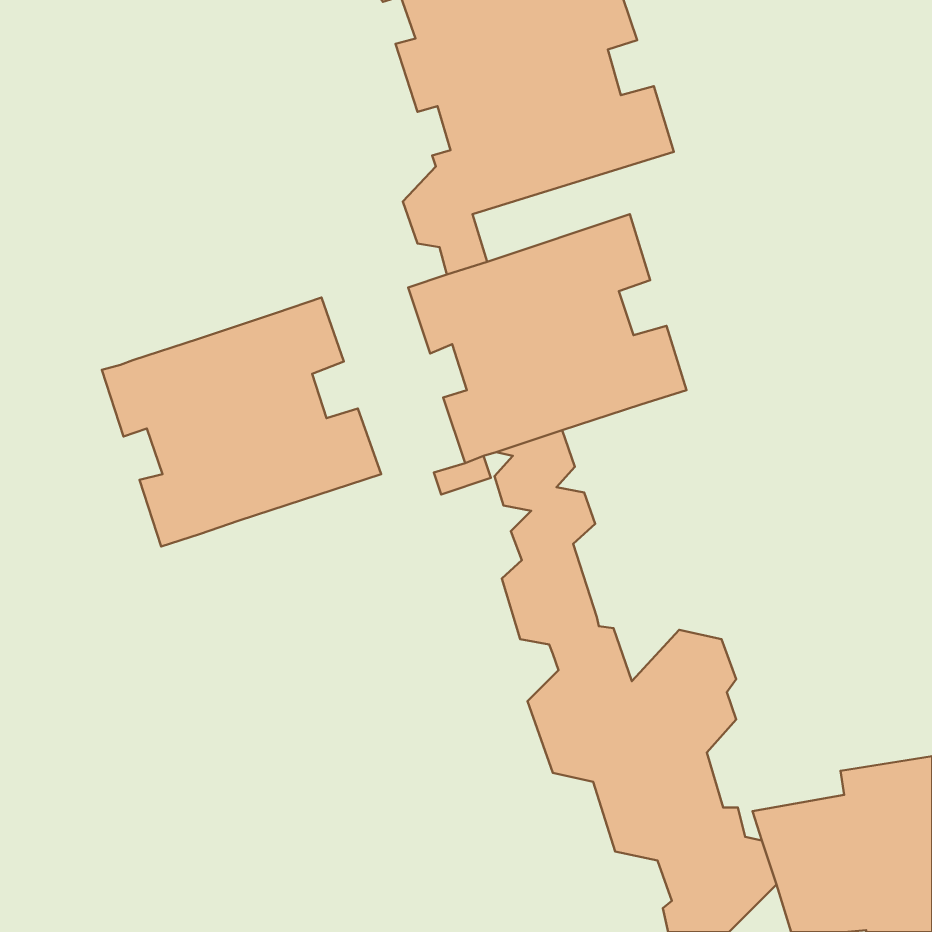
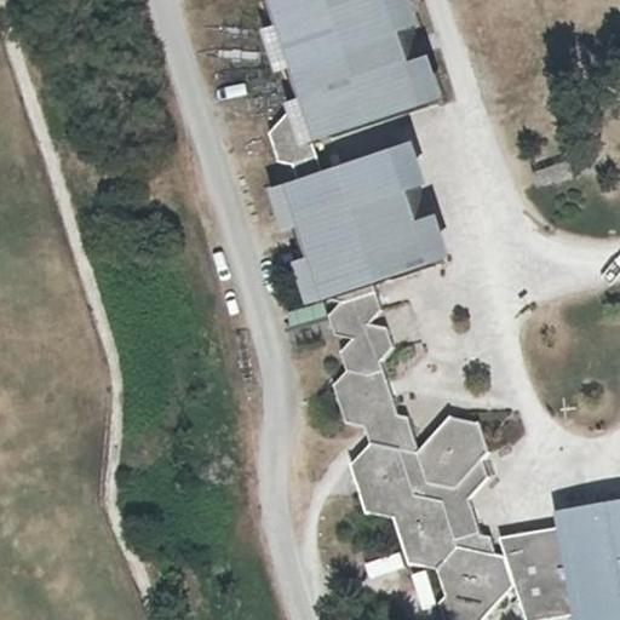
building: [102,297,381,547] -> none

